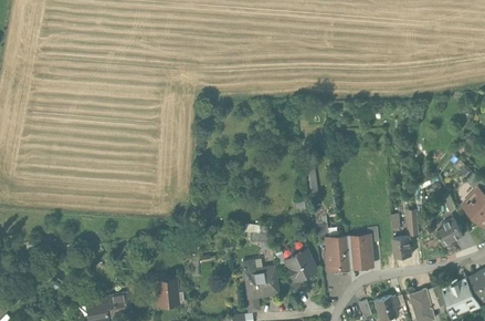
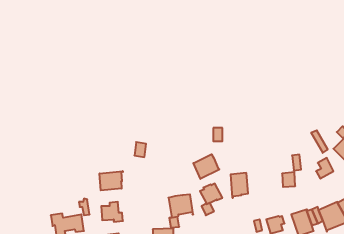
building: none -> [193,154,219,179]
building: none -> [100,171,123,190]
building: [348,235,371,266] -> none

